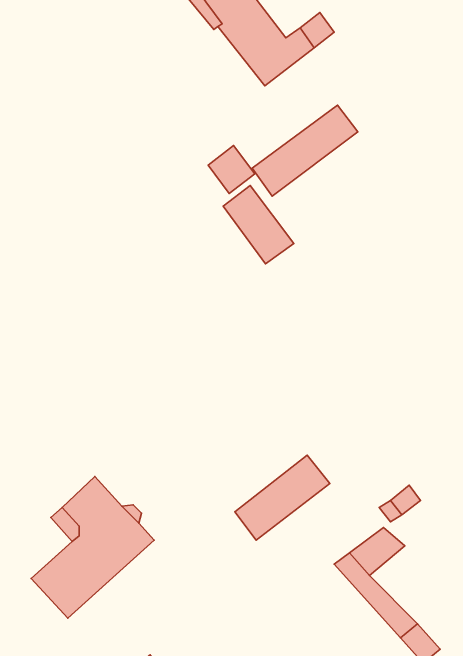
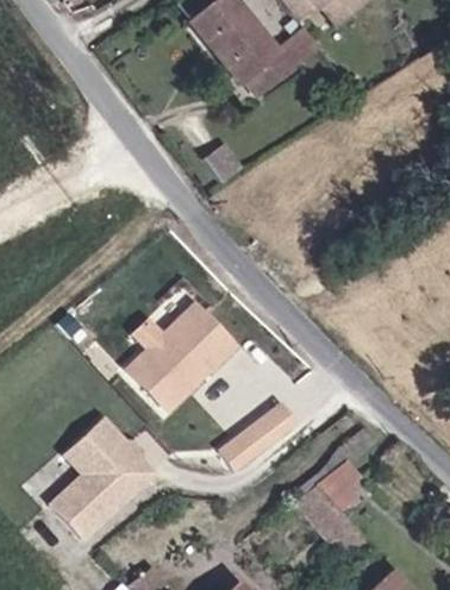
building: [252,105,358,196] -> none
building: [223,186,294,264] -> none
building: none -> [129,307,240,414]

